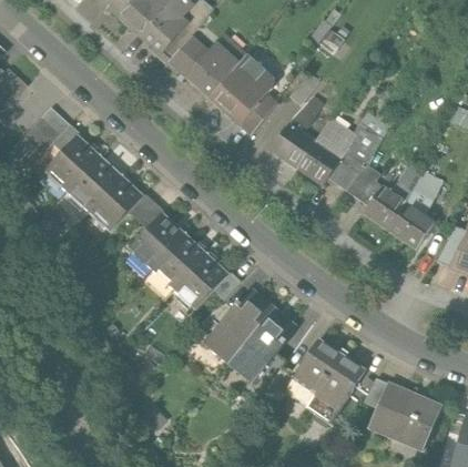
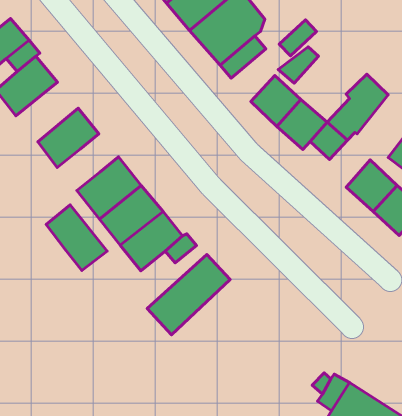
building: [314,118,356,159] -> none
building: [68,156,121,211] -> none
building: [346,164,381,206] -> none
building: [128,193,165,230] -> none
building: none -> [46,205,107,271]
building: [230,307,296,380] -> none
building: [293,338,366,409] -> none

